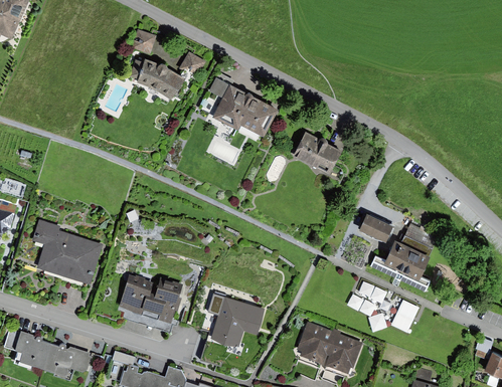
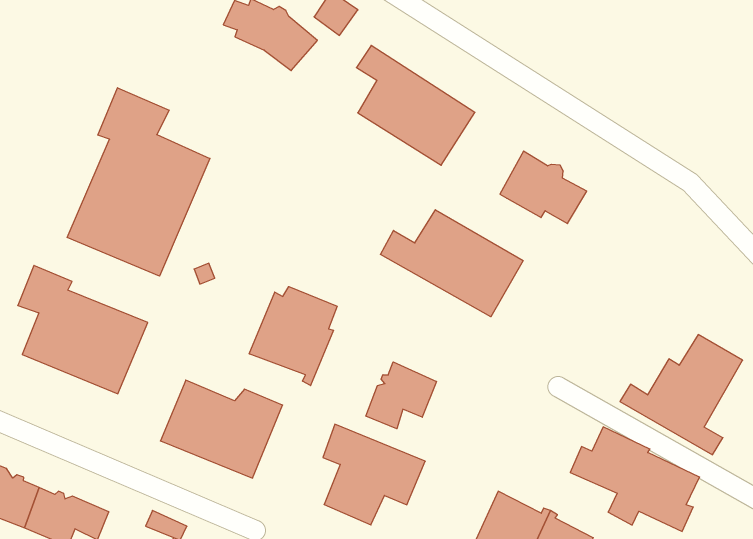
building: none -> [67,88,210,276]
building: none -> [380,210,523,317]
building: [360,213,393,240] -> none
building: none -> [249,287,337,386]
building: none -> [366,362,436,429]

